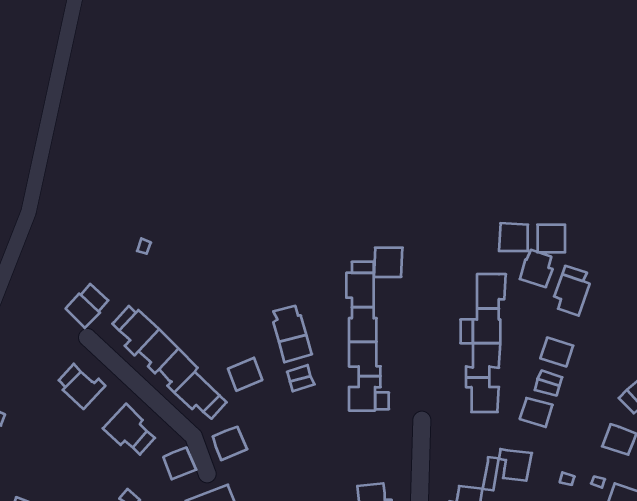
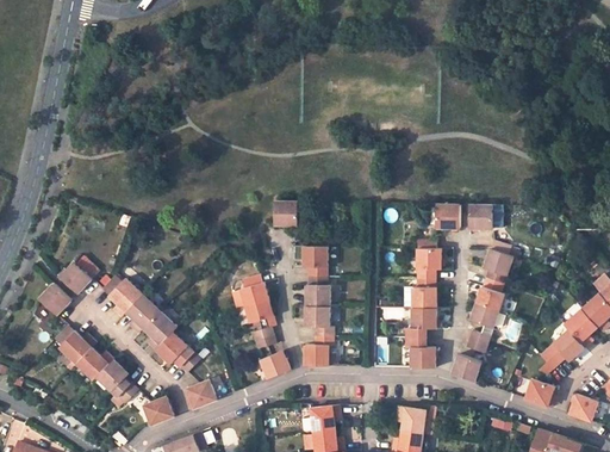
building: [374,248,403,277] -> [272,202,297,227]
building: [520,250,553,287] -> [477,278,505,310]
building: none -> [38,285,70,317]
building: [228,358,262,391] -> [260,352,290,380]
building: none -> [75,348,112,382]
building: [499,449,532,481] -> [397,407,425,434]
building: none -> [310,405,341,432]

